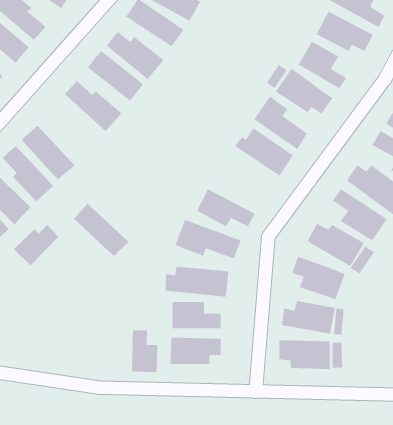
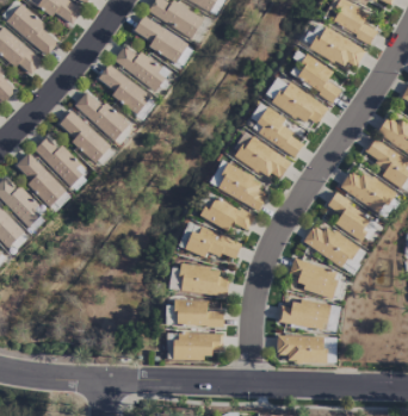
building: none -> [212,162,268,210]
building: [73,202,129,257] -> [58,110,111,161]
building: [13,224,59,266] -> none
building: [131,329,158,373] -> none

